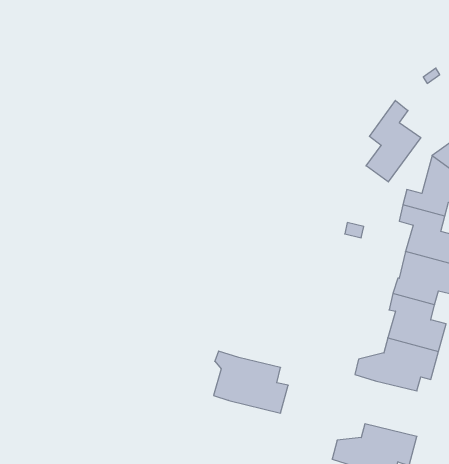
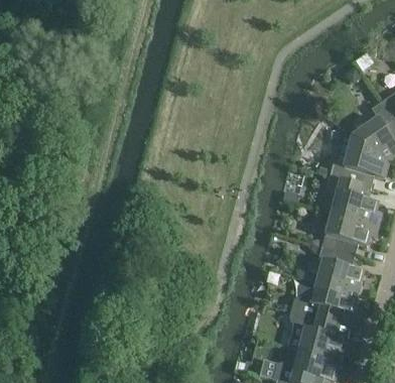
building: [366,100,421,182] -> none
building: [214,351,288,413] -> [285,309,345,359]

